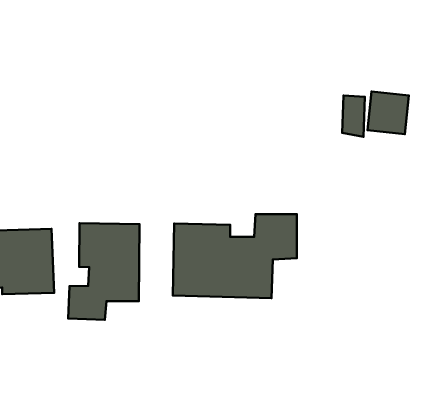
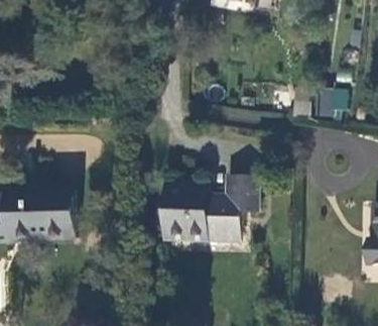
building: [68,223,139,320] -> none

